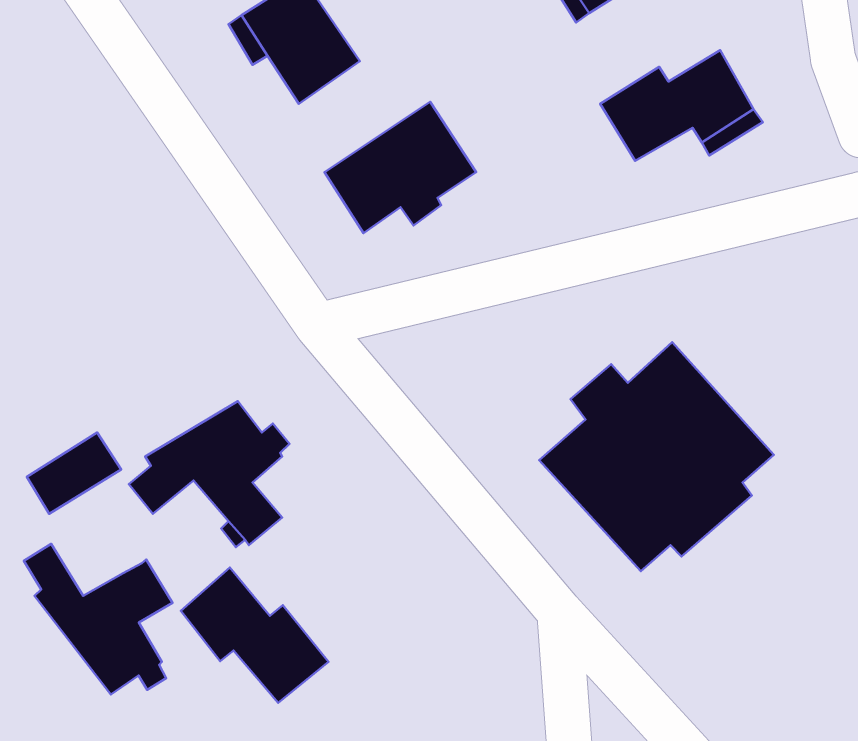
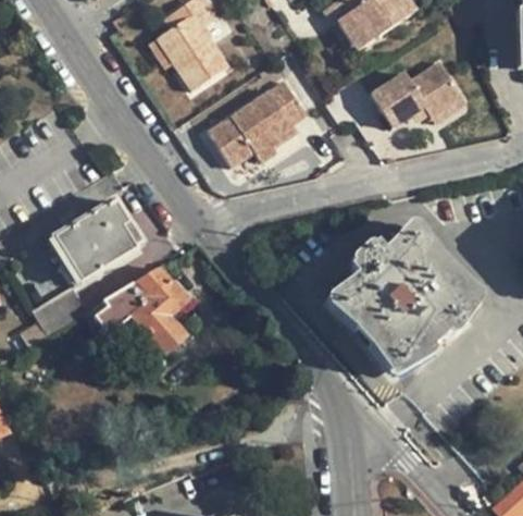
building: none -> [50,199,132,281]
building: [24,544,172,694] -> none
building: [181,567,328,703] -> none

